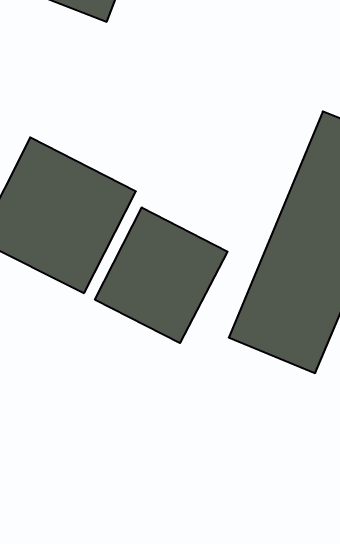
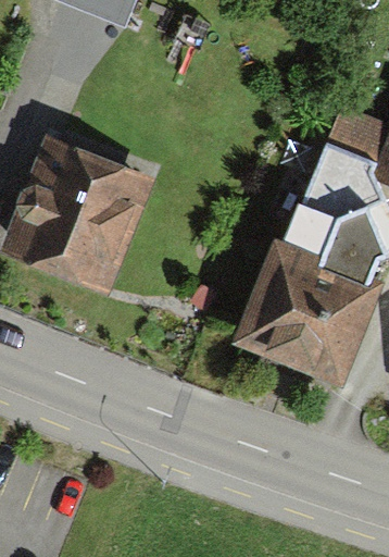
building: [95,207,228,343] -> none

